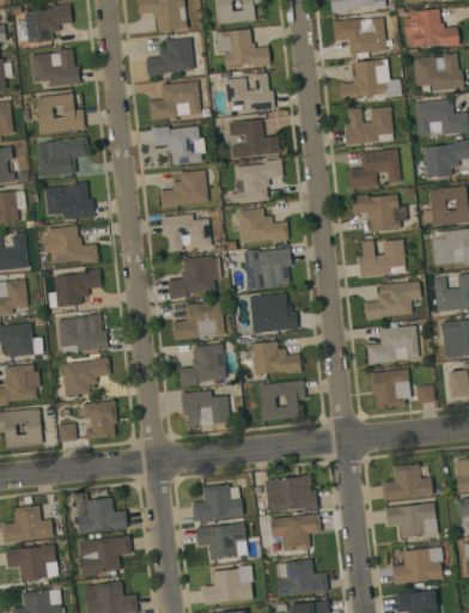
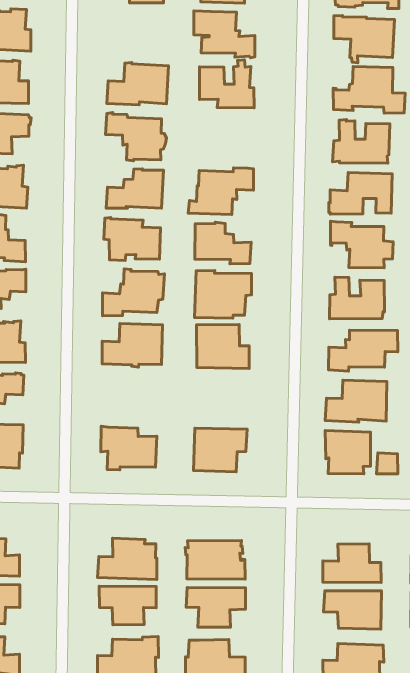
building: [145,38,194,77] -> none
building: [229,120,281,158] -> none
building: [242,341,300,375] -> none
building: [177,344,225,387] -> none

